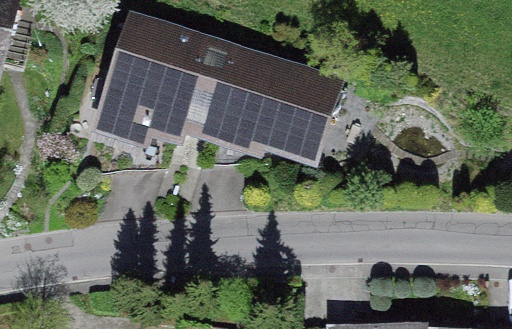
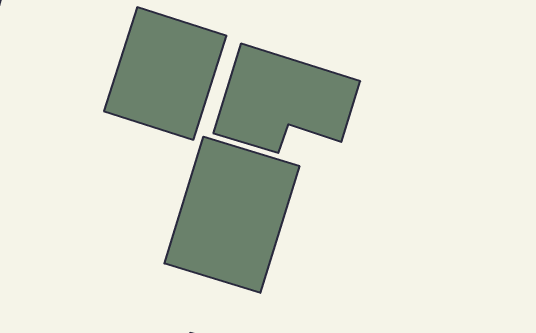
building: none -> [164,137,299,293]

